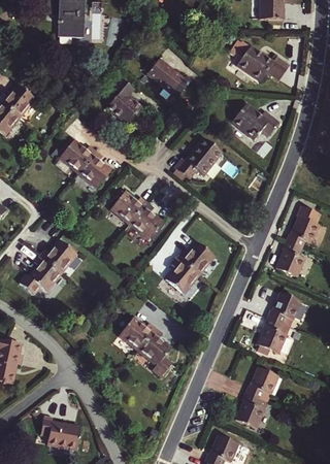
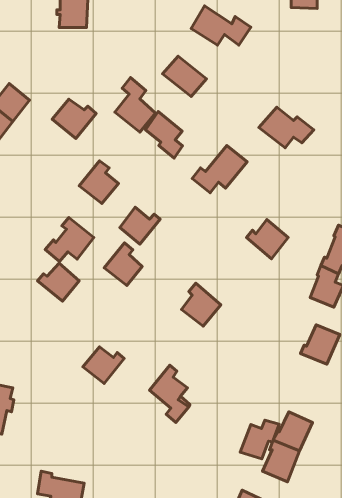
building: [238,44,290,78] -> [191,6,251,45]
building: none -> [145,112,182,158]
building: [56,137,94,171] -> [52,99,96,138]
building: [129,200,162,237] -> [104,243,142,286]
building: [177,240,213,274] -> [246,220,288,259]
building: [20,254,62,292] -> [45,217,94,261]
building: [119,317,155,349] -> [83,347,124,384]
building: [258,317,291,352] -> none
building: none -> [240,420,279,459]

